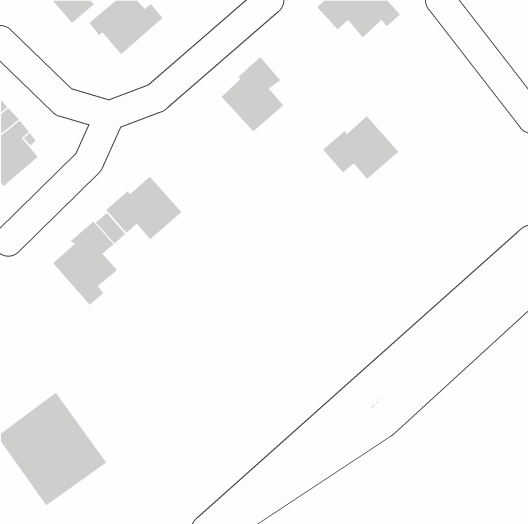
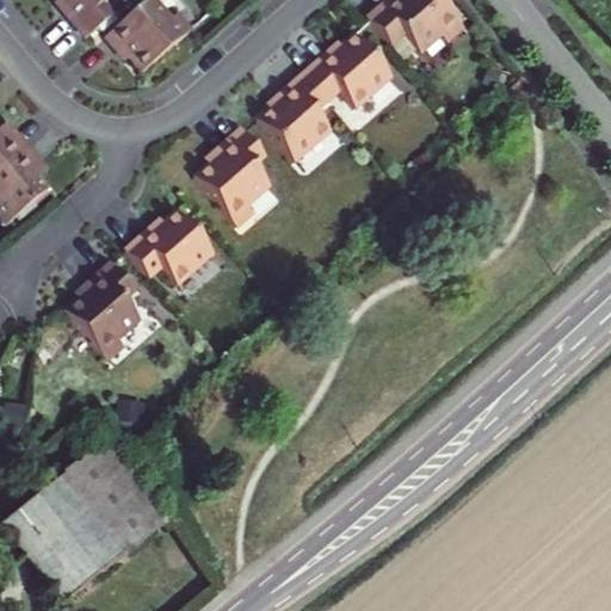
building: none -> [195,128,270,224]
building: [322,115,399,180] -> [303,33,391,107]
building: none -> [69,434,161,539]

